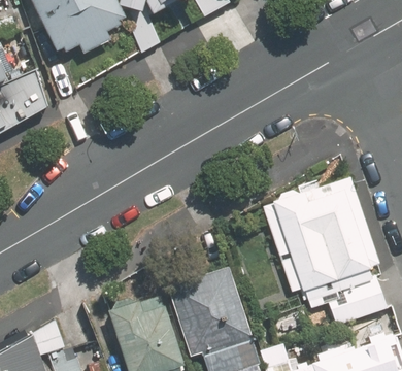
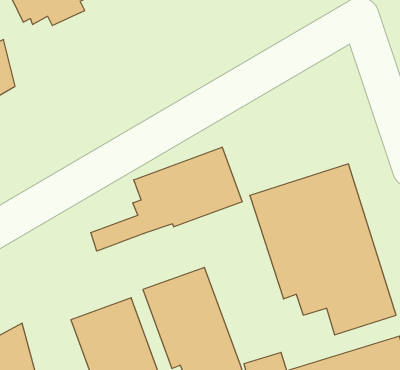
building: none -> [91,147,242,251]

